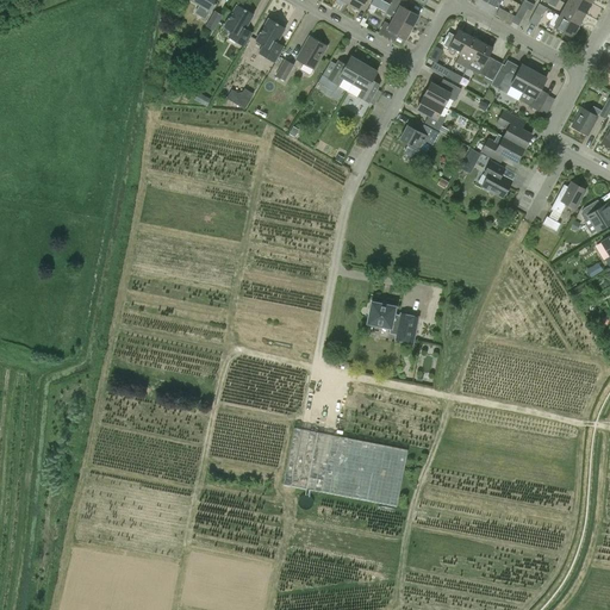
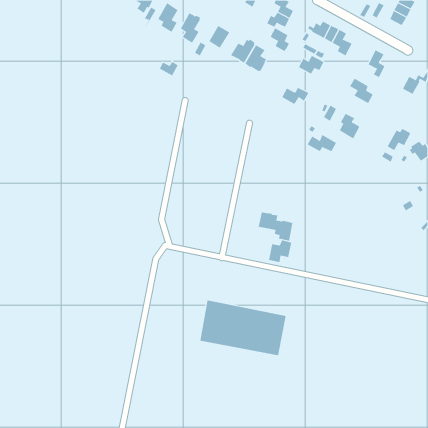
building: [491,62,534,93] -> none
building: [417,95,446,130] -> [270,28,290,52]
building: [481,136,524,161] -> [307,134,337,152]
building: none -> [268,239,292,263]

